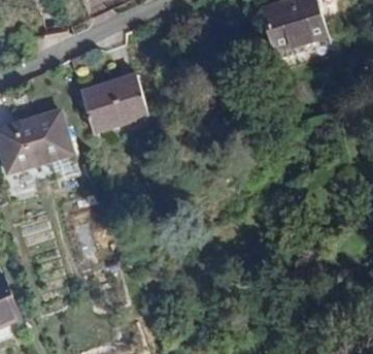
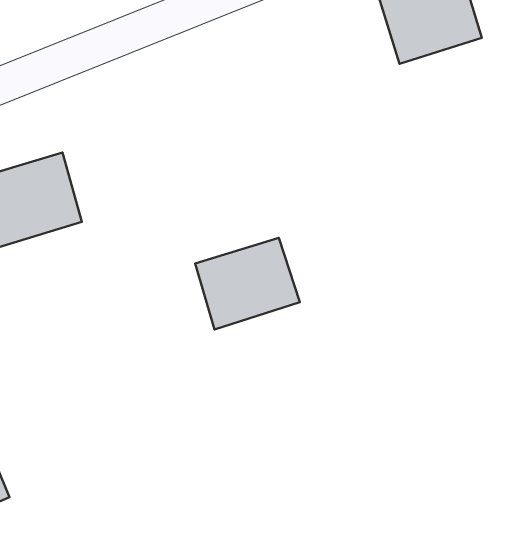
building: [80,73,147,132] -> [195,238,300,330]

